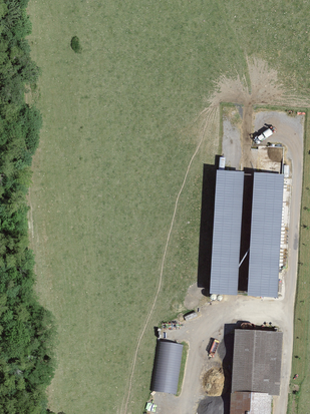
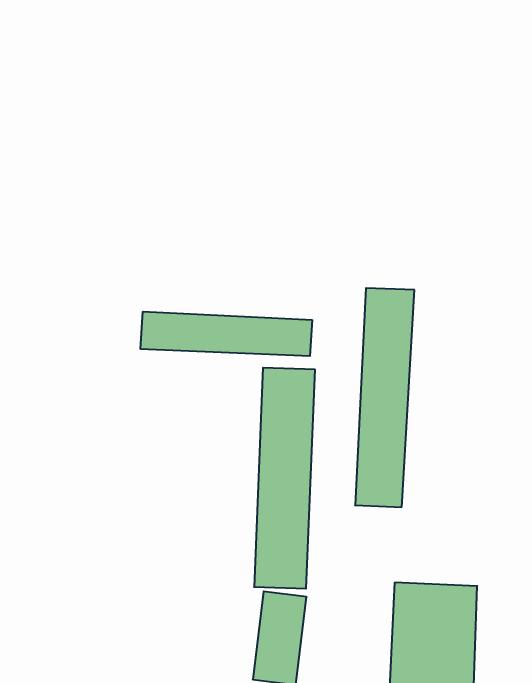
building: [249,172,283,296] -> [254,368,315,589]
building: none -> [141,312,312,356]

